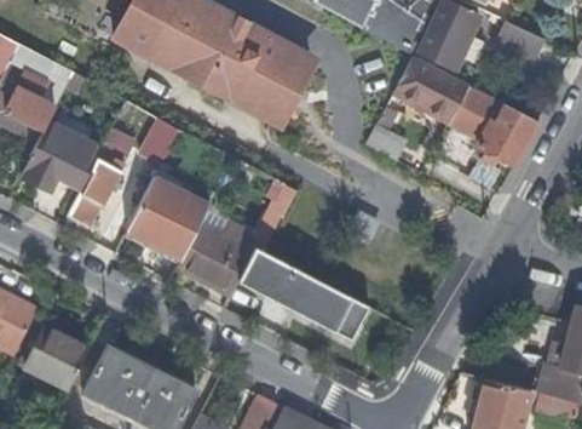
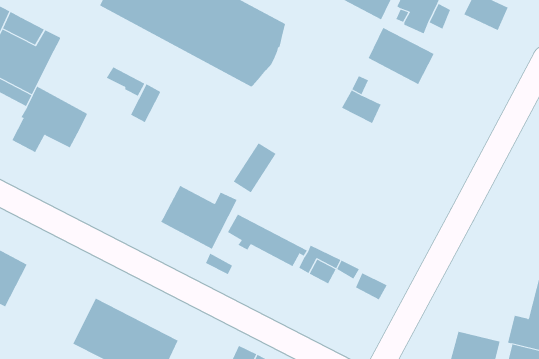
building: [448,87,538,165] -> none
building: [68,151,117,227] -> none
building: [127,177,208,258] -> none
building: [19,325,90,387] -> none

